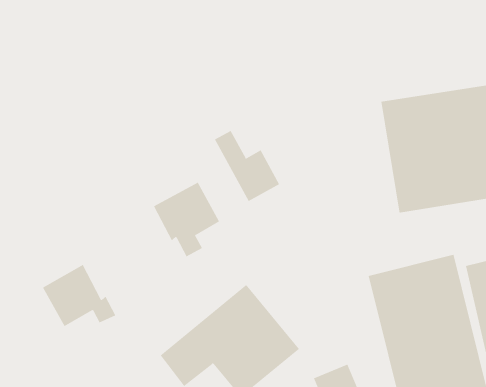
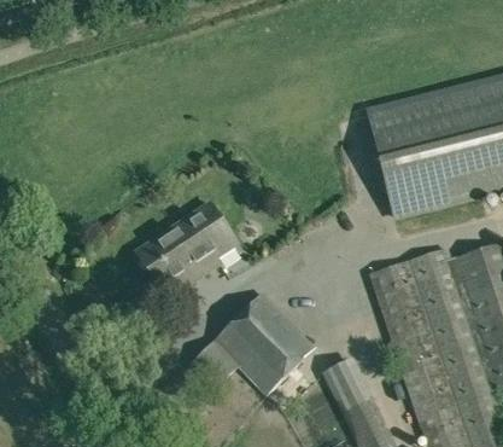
building: [214,130,280,202] -> none
building: [42,264,116,327] -> [136,228,205,286]

